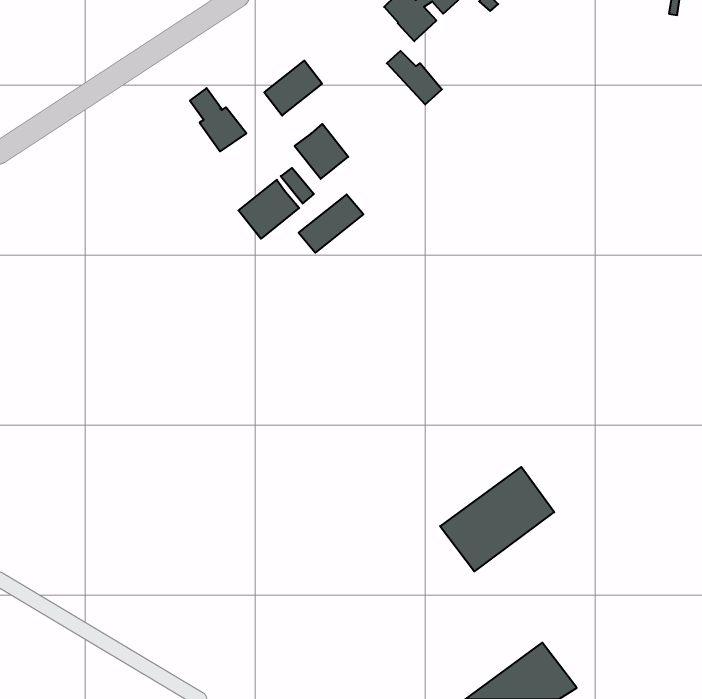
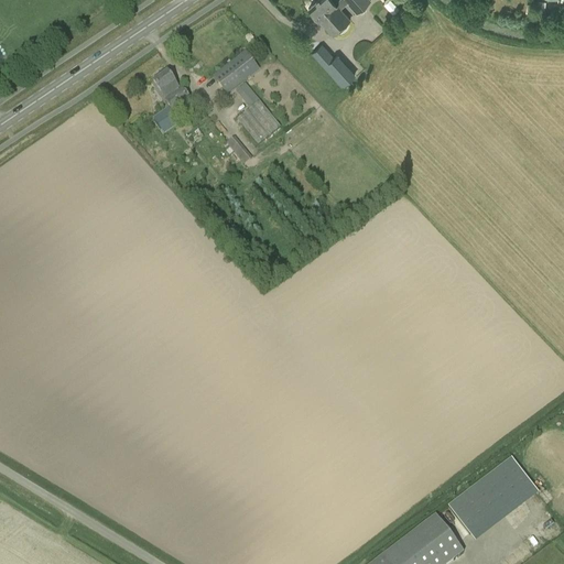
building: [238,180,299,239] -> none
building: [299,194,363,253] -> none
building: [440,467,554,571] -> [449,456,541,540]

